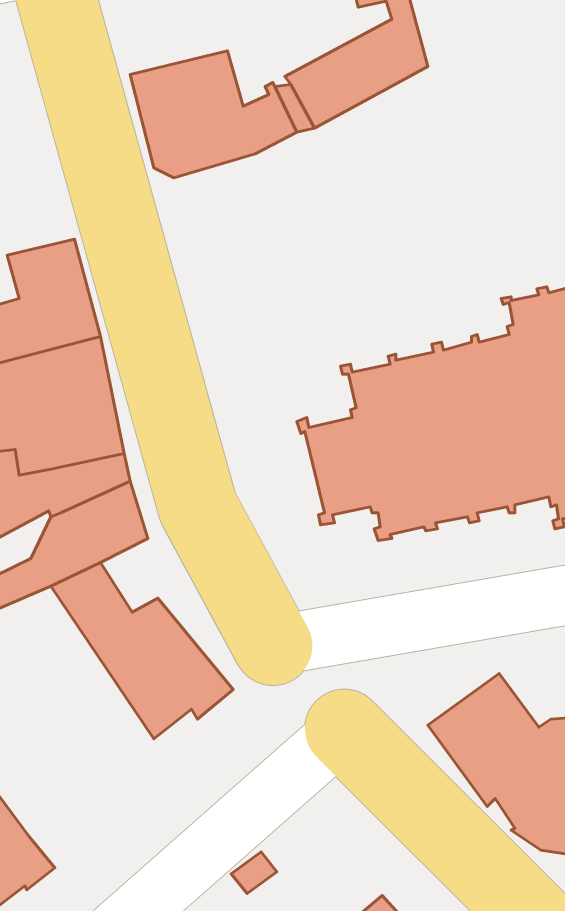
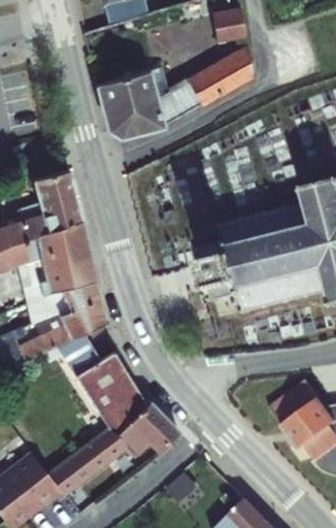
building: none -> [51,397,180,496]

